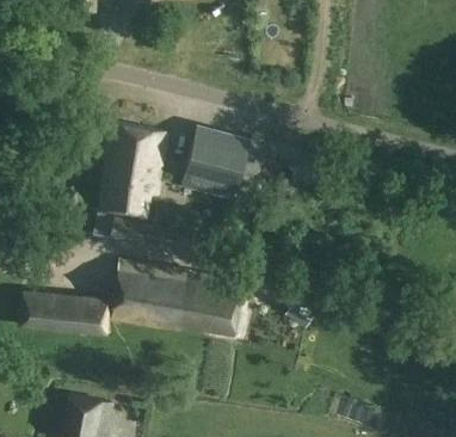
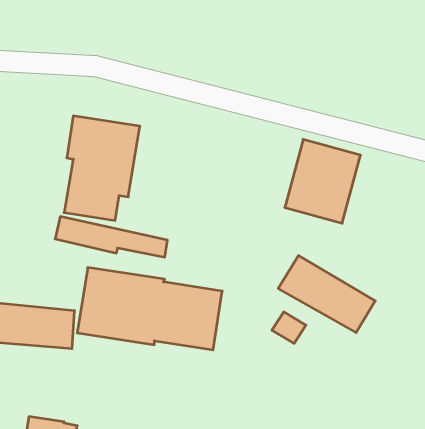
building: [181,124,251,201] -> [285,139,361,223]
building: none -> [278,256,375,333]

